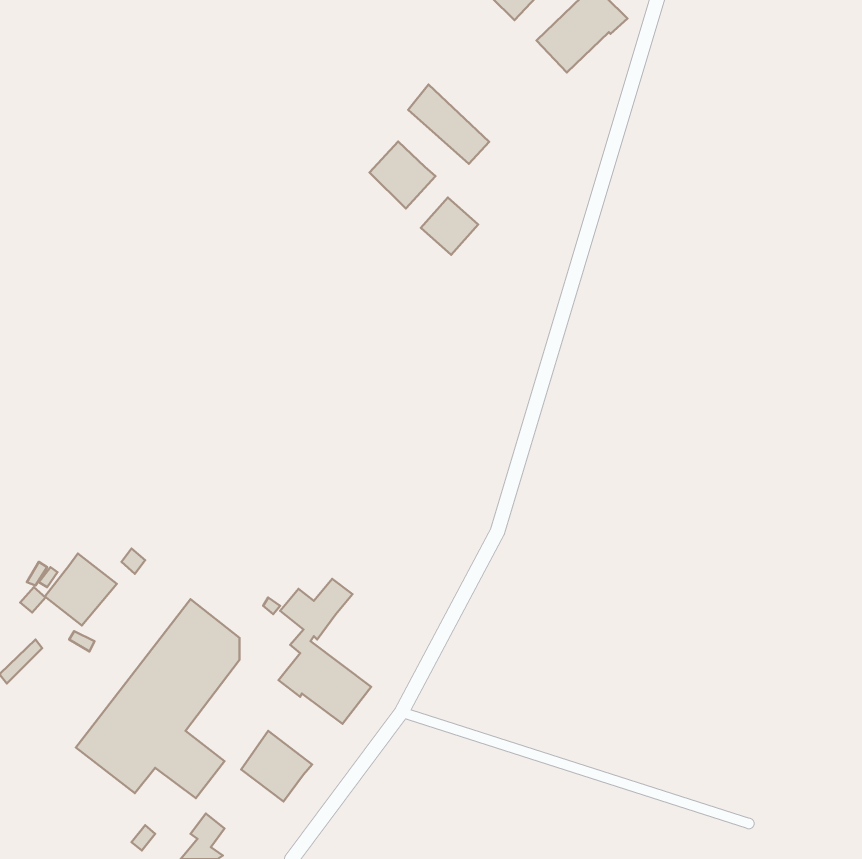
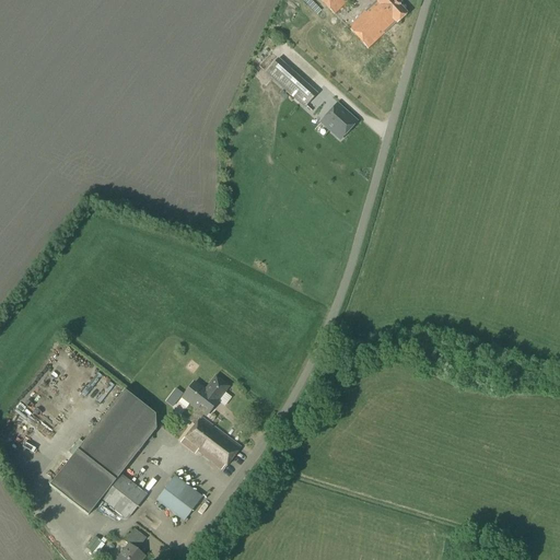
building: [369,142,436,208] -> none
building: [421,197,478,255] -> [319,102,357,139]
building: [45,554,117,626] -> none

